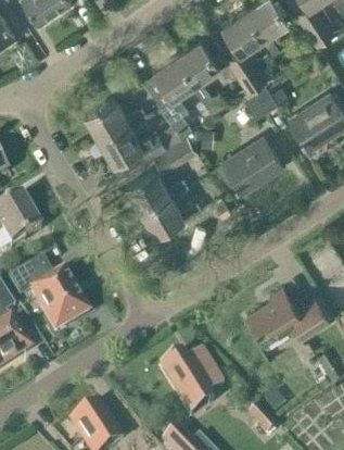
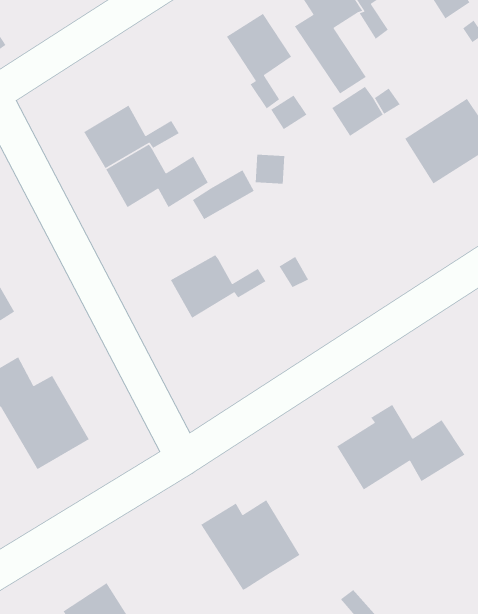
building: [143,52,194,135] -> none
building: [222,135,281,189] -> none
building: [126,166,188,208] -> none

